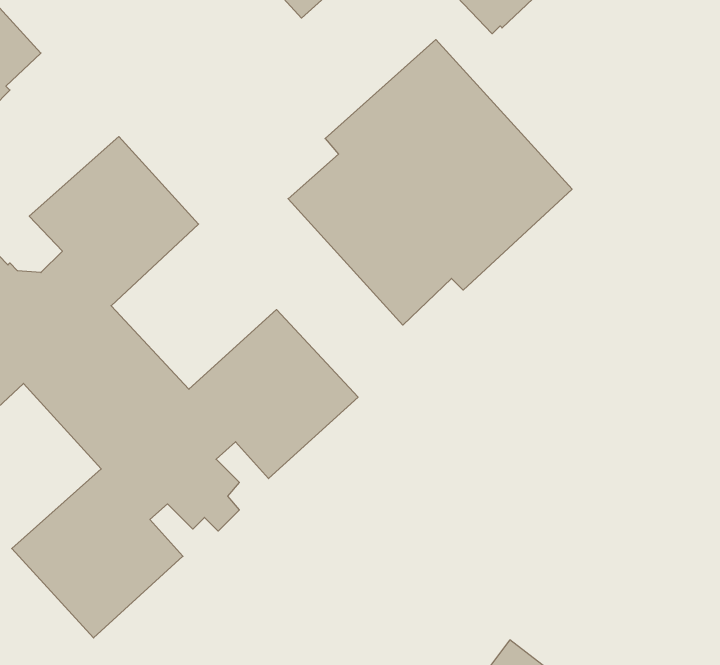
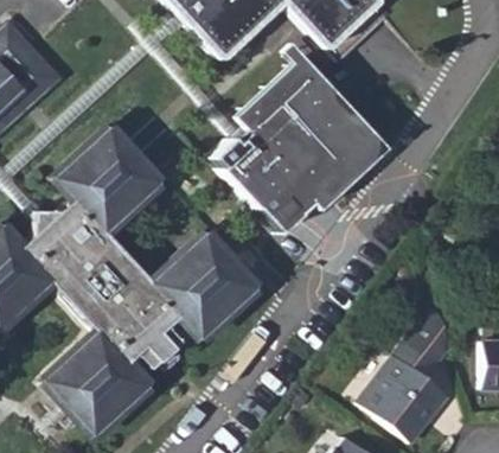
building: none -> [362,301,452,440]

